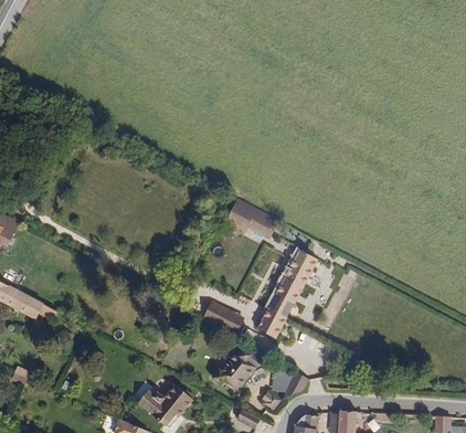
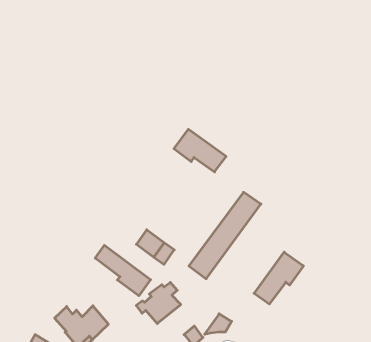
building: none -> [254,252,303,304]
building: none -> [95,245,151,296]

